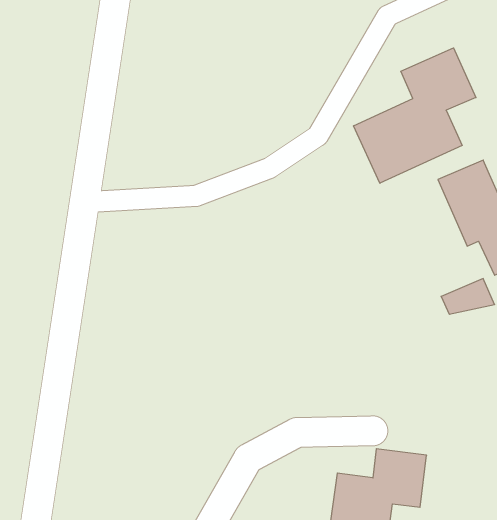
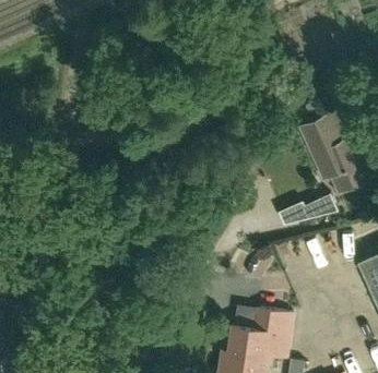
building: [354,48,476,183] -> none

